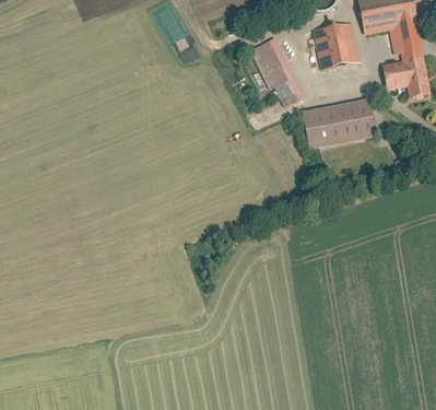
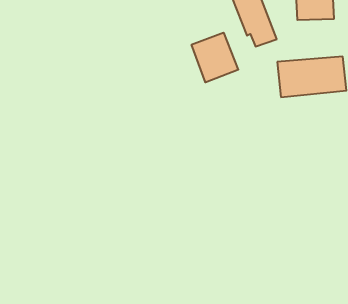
building: none -> [192,33,238,82]

